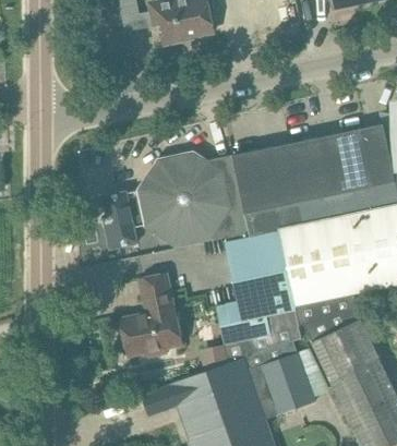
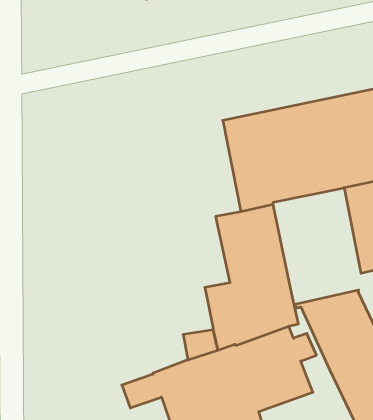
building: [104,152,250,249] -> none
building: [279,216,359,322] -> none
building: [120,273,184,357] -> none

